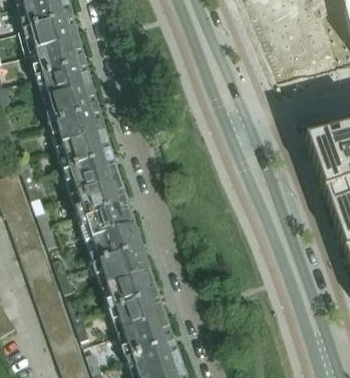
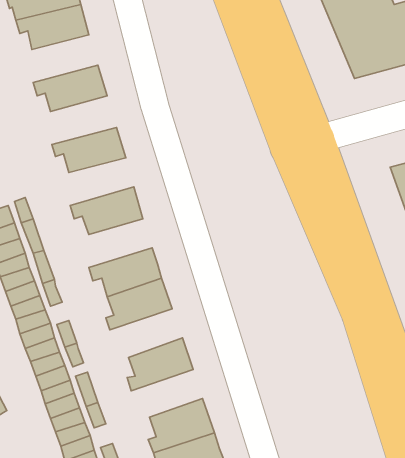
building: [32,40,84,76] -> none
building: [46,86,98,123] -> none
building: [60,133,111,169] -> none
building: [74,179,125,217] -> none
building: [93,248,148,285] -> none
building: [109,294,163,330] -> none

